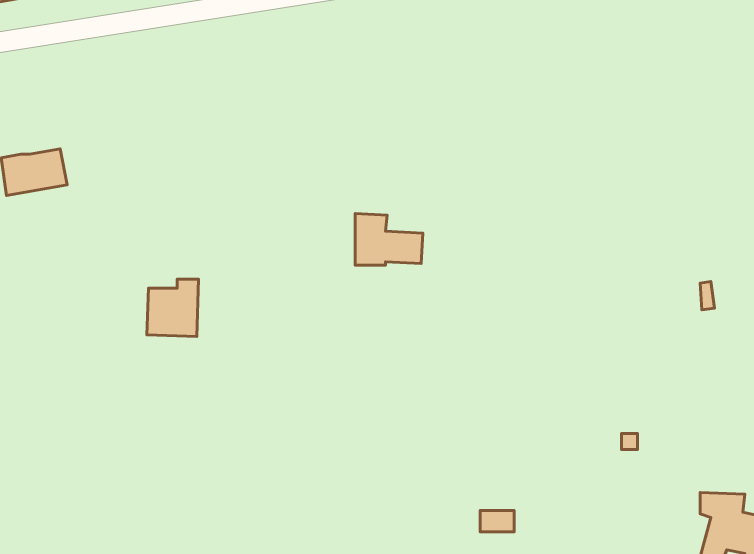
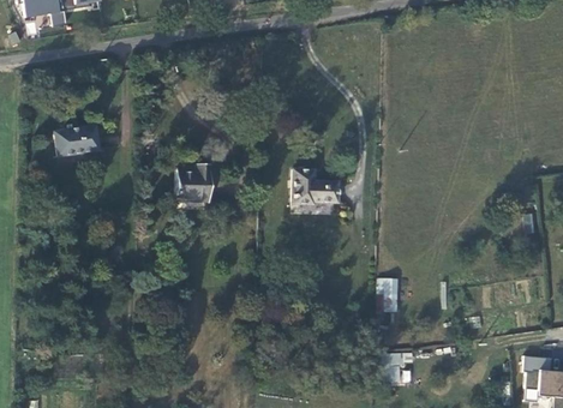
building: [147,279,199,336] -> [175,163,210,202]
building: none -> [377,278,397,310]

